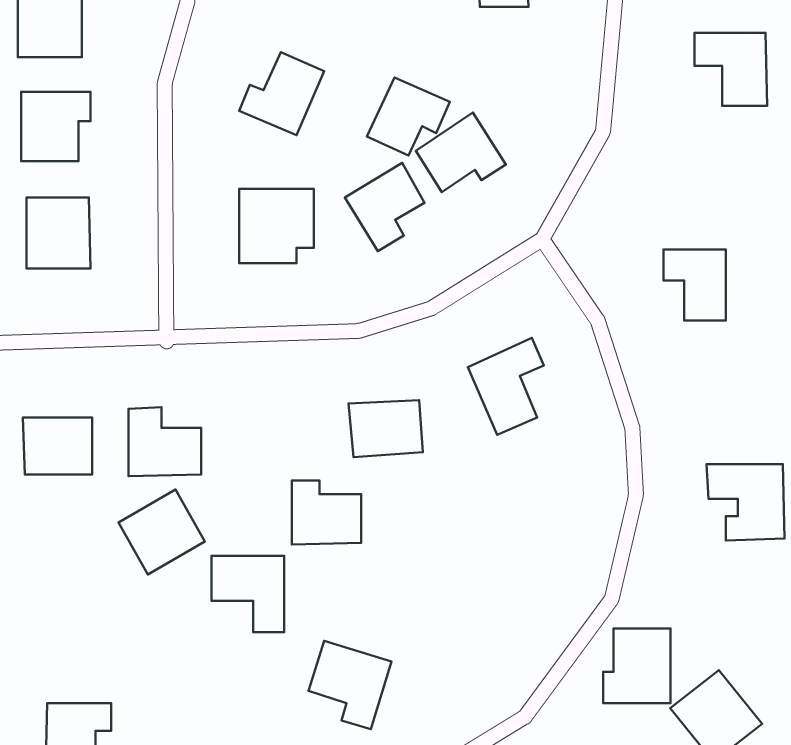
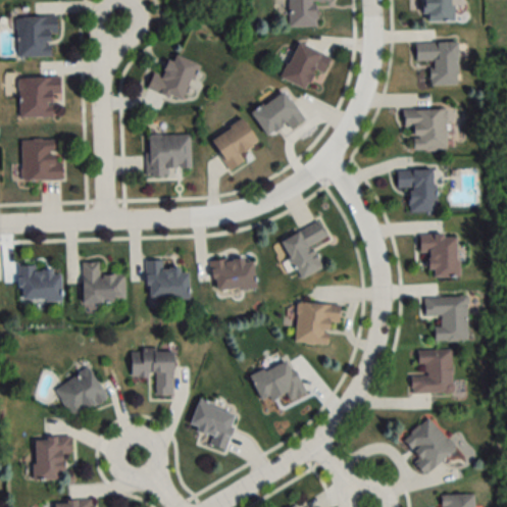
building: [367,78,450,156] -> [282,43,331,89]
building: none -> [404,108,448,149]
building: none -> [420,235,459,277]
building: none -> [296,303,341,344]
building: [292,480,361,544] -> [148,260,189,298]
building: [118,490,205,574] -> [56,367,107,417]
building: none -> [252,359,306,402]
building: [603,629,671,703] -> [413,349,453,393]

